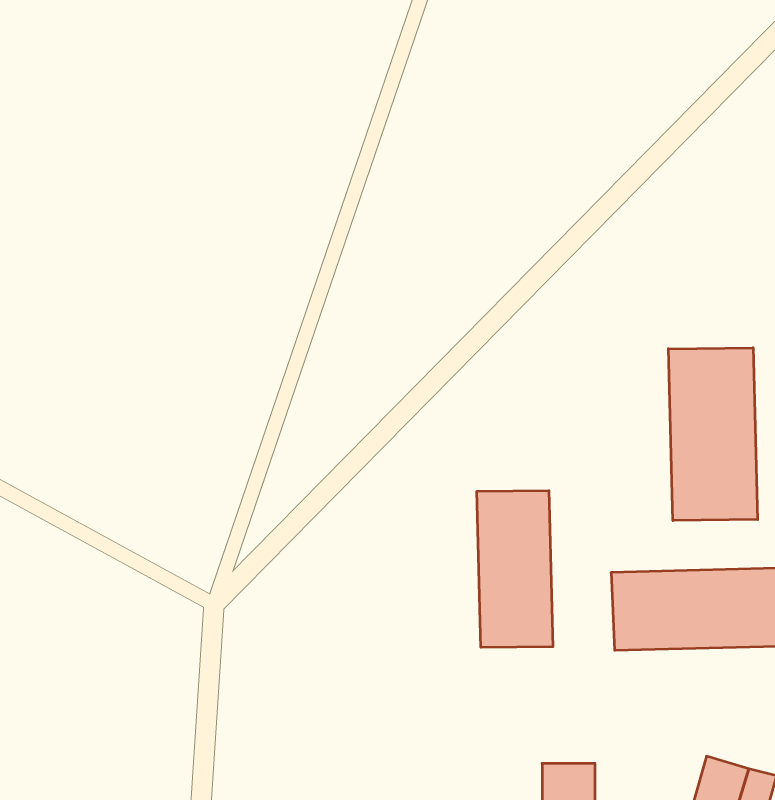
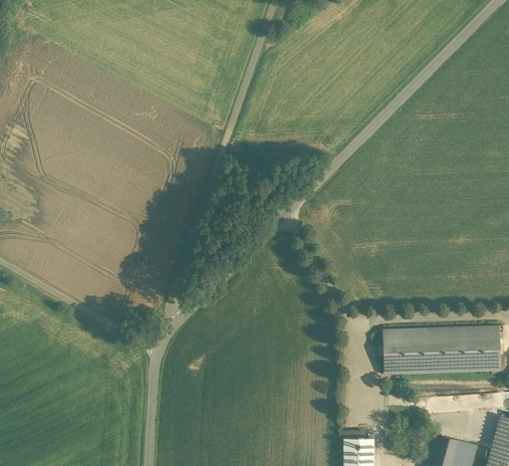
building: [668,348,758,521] -> none
building: [477,491,553,647] -> none

